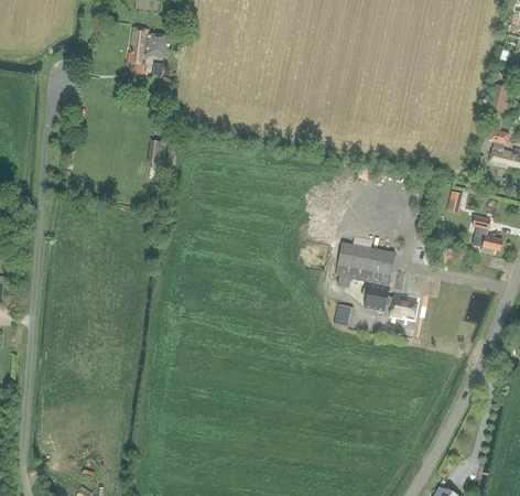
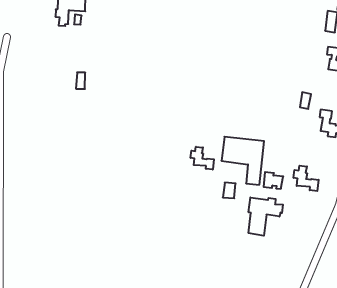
building: none -> [191,147,214,170]
building: none -> [294,166,319,191]
building: none -> [249,197,283,236]

